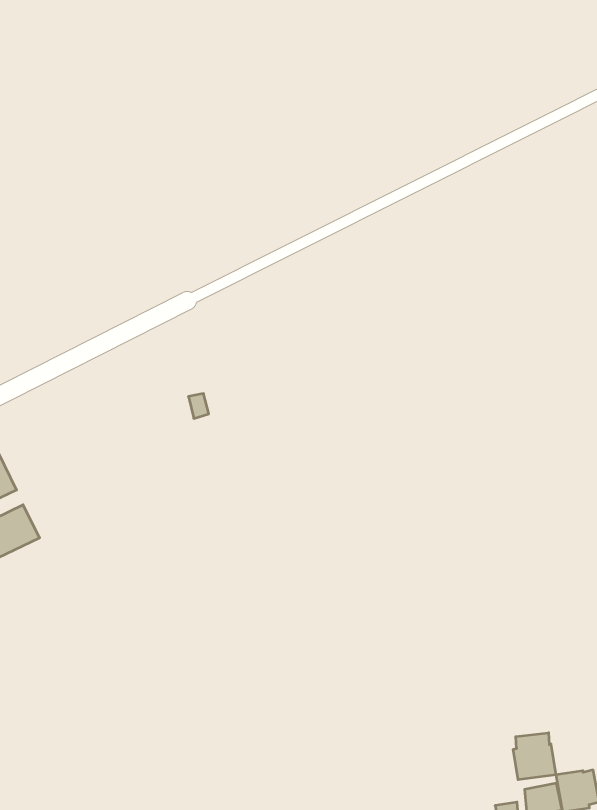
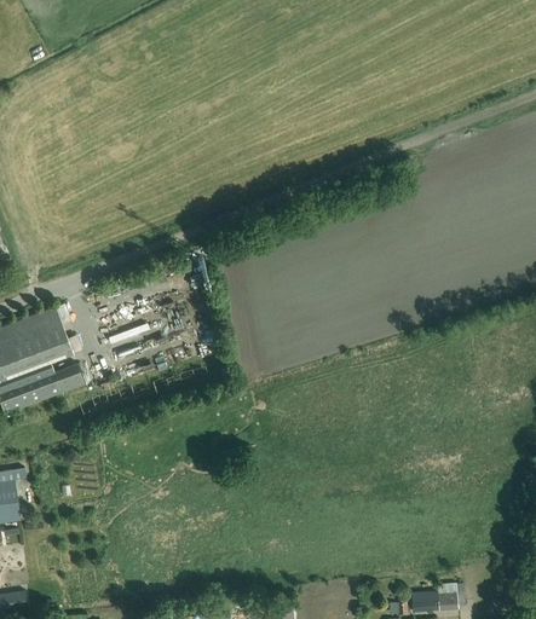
building: [513,733,556,780] -> none

